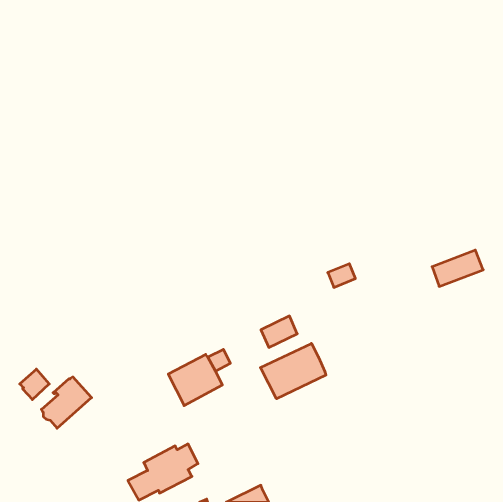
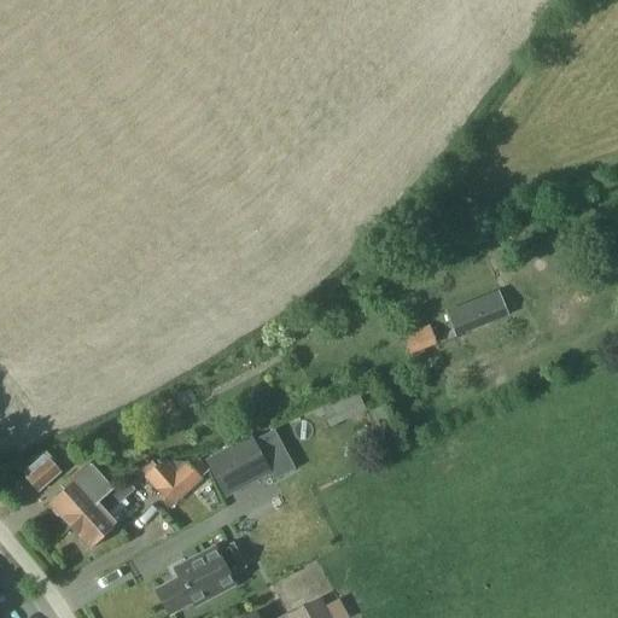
building: [432,250,483,286] -> [445,291,508,336]
building: [260,343,326,399] -> none
building: none -> [145,457,202,505]
building: none -> [70,479,134,548]

